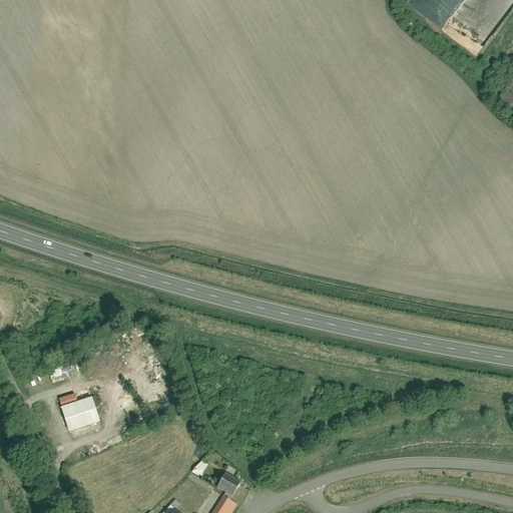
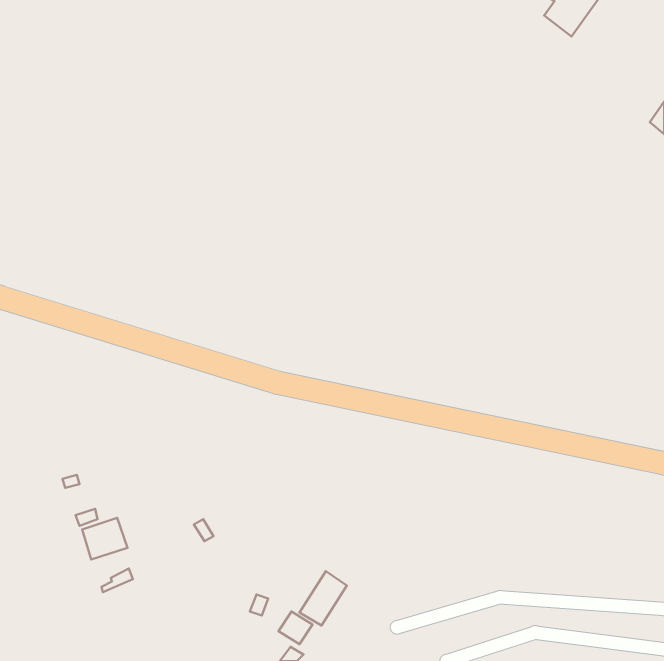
building: none -> [300,571,347,626]

